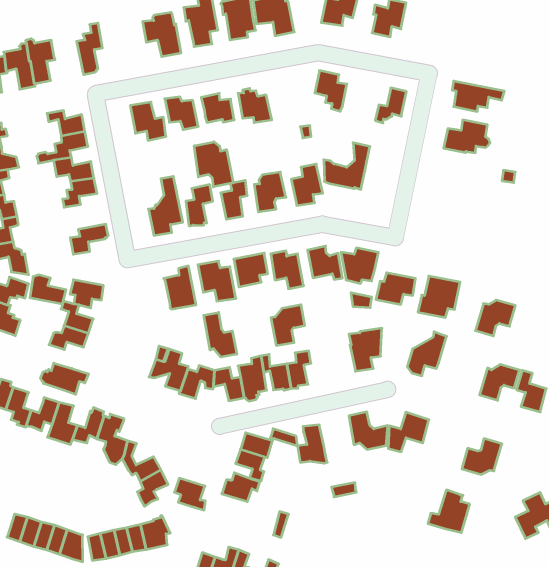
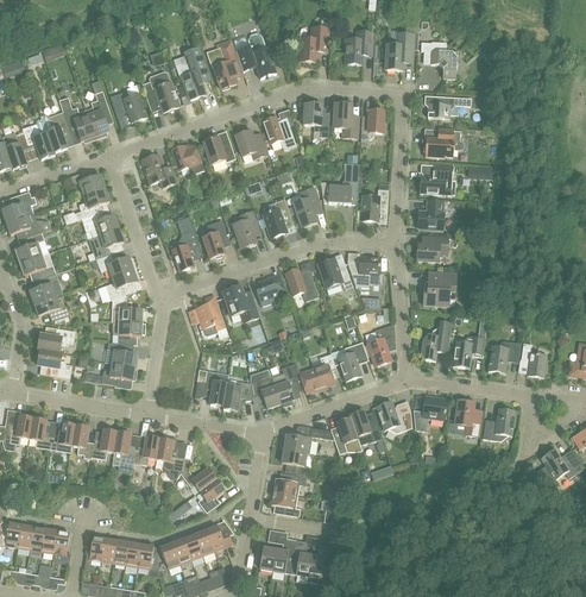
building: none -> [384,32,412,70]
building: none -> [421,42,456,77]
building: none -> [58,96,95,142]
building: none -> [109,90,146,122]
building: none -> [333,103,358,138]
building: none -> [262,115,295,149]
building: [194,142,233,187] -> none
building: none -> [418,164,455,194]
building: none -> [359,189,387,221]
building: none -> [417,200,442,228]
building: none -> [95,253,134,276]
building: [376,273,415,304] -> [415,235,447,262]
building: [30,275,66,304] -> [111,300,141,322]
building: [475,300,515,336] -> [452,335,484,367]
building: [271,305,305,345] -> [336,341,367,381]
building: [204,312,237,357] -> none
building: [41,363,89,394] -> none
building: none -> [348,410,380,444]
building: [174,478,205,510] -> [270,491,298,516]
building: [428,490,470,533] -> [446,400,480,435]

